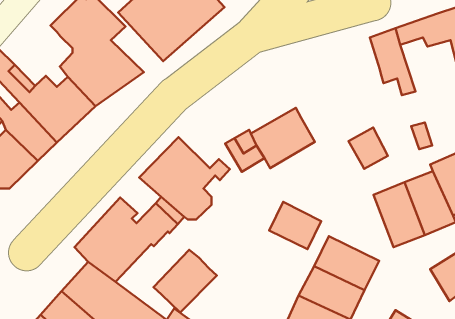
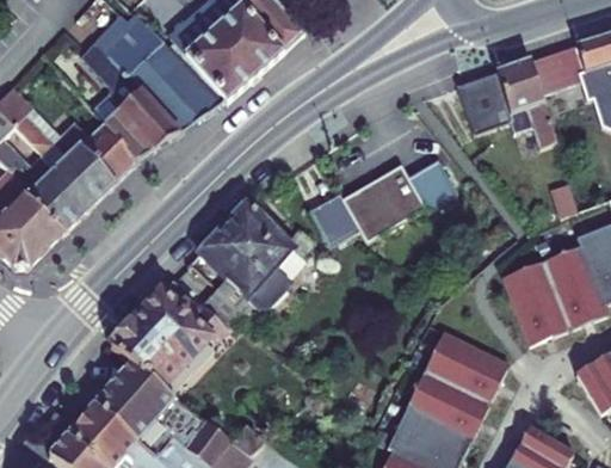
building: none -> [159,57,223,117]
building: none -> [456,72,511,134]
building: [349,127,388,169] -> [407,159,458,213]
building: [269,202,321,249] -> none
building: [154,250,217,313] -> none

